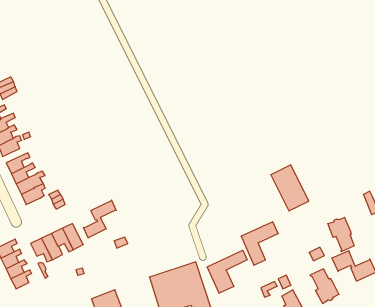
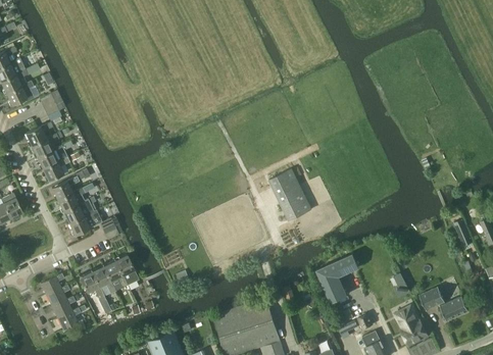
building: [271,165,309,211] -> [268,169,311,221]
building: [84,200,116,238] -> none
building: [328,217,354,252] -> none
building: [207,250,247,293] -> none

